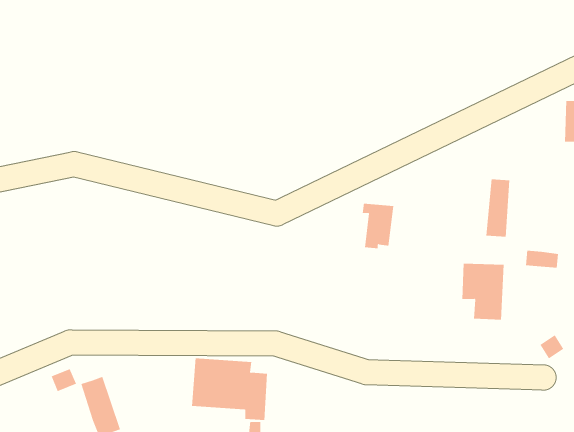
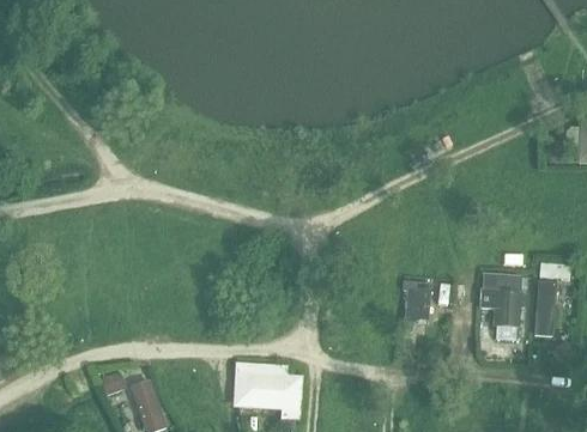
building: [486,179,510,237] -> [533,281,556,335]
building: [362,203,394,249] -> [401,280,431,322]

